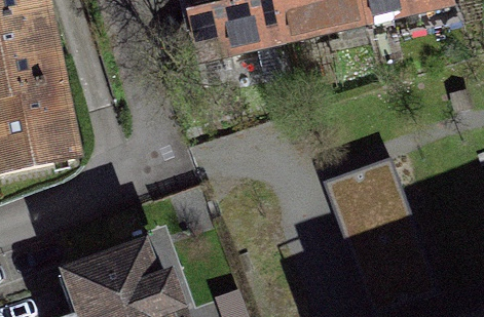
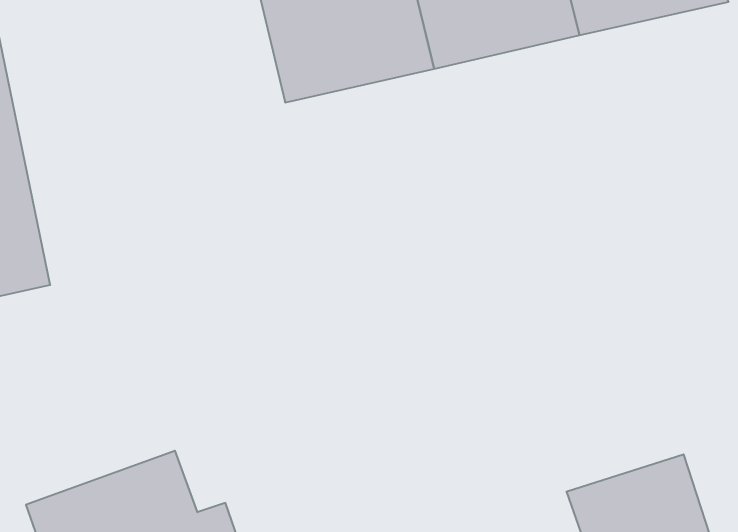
building: [328,161,423,269] -> none

